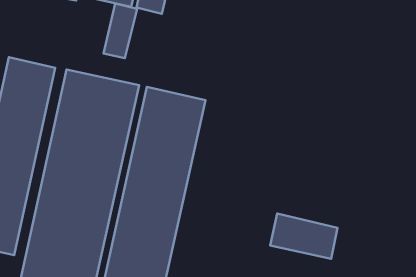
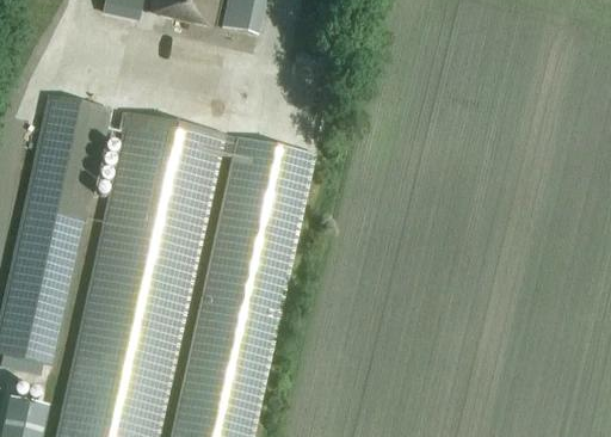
building: [103,4,137,58] -> none
building: [270,214,338,259] -> none

